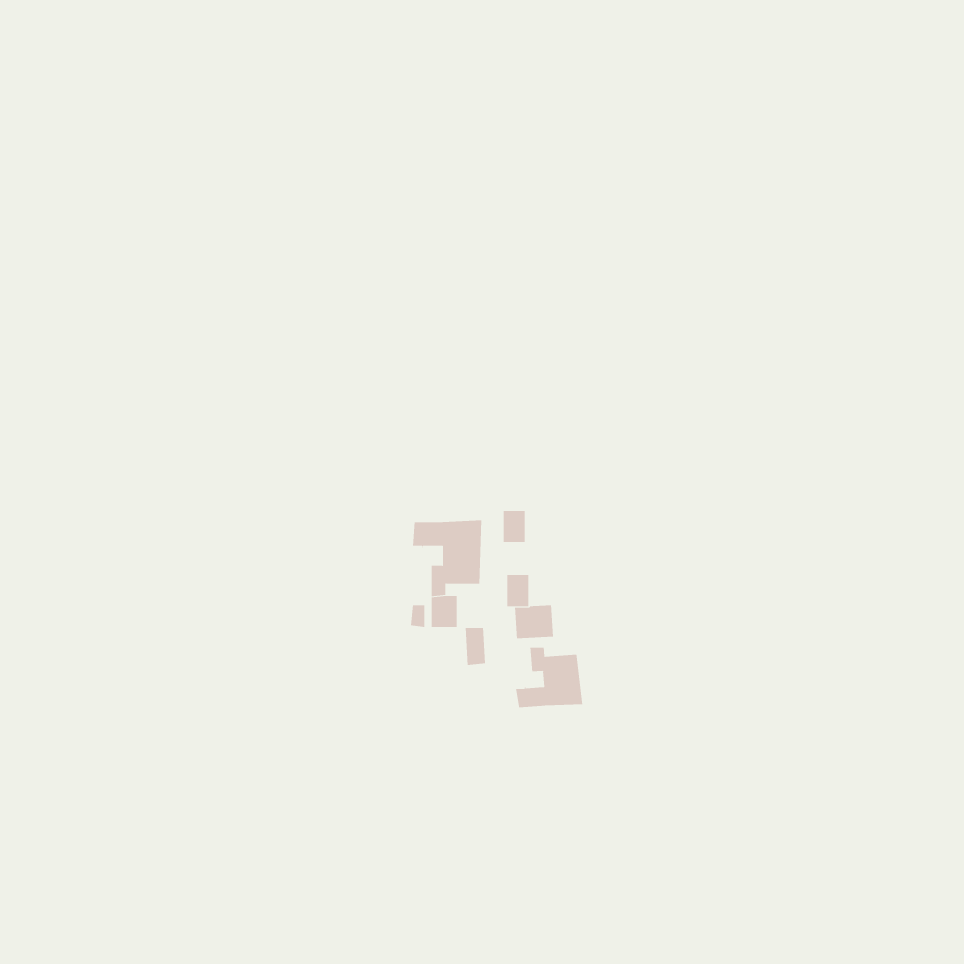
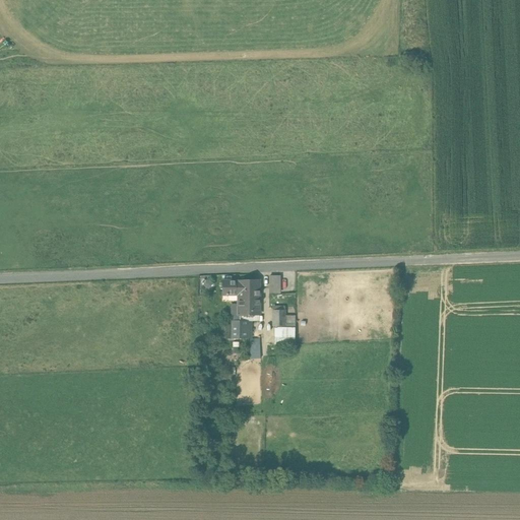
building: [515,647,583,708] -> none

